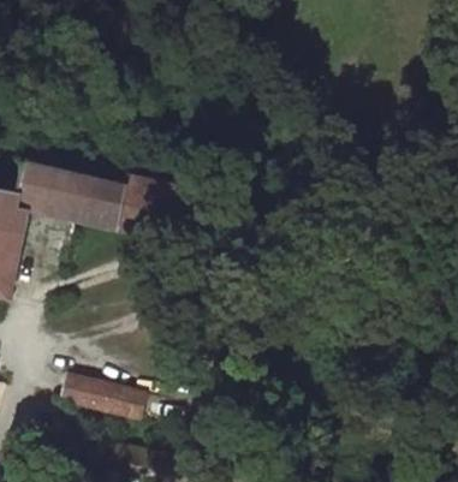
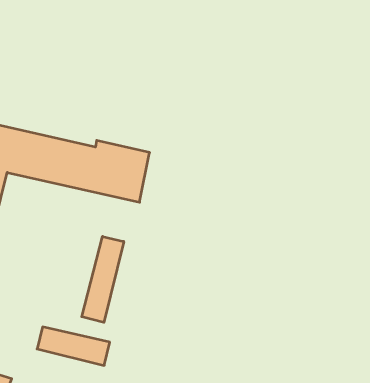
building: none -> [82,236,124,322]

